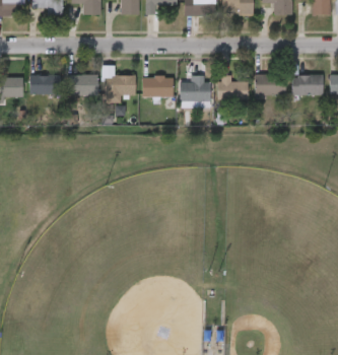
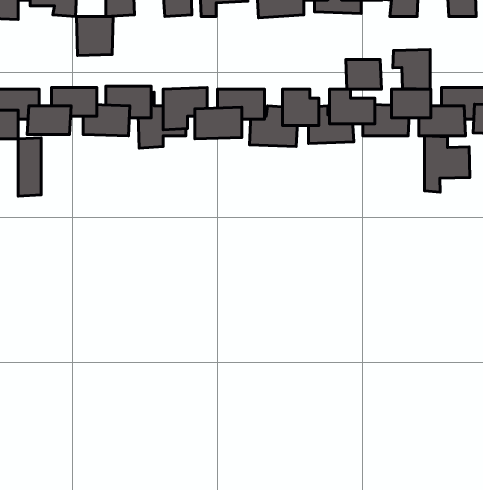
building: none -> [77,16,113,56]
building: none -> [393,50,430,89]
building: none -> [346,59,381,89]
building: none -> [425,136,470,192]
building: none -> [18,138,41,196]

